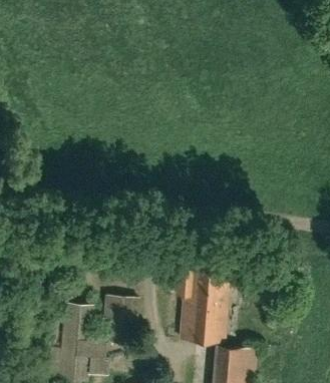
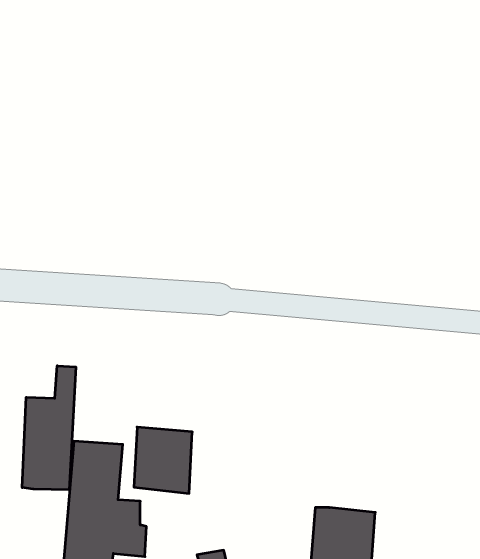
building: none -> [22,366,76,490]
building: [175,268,236,342] -> none

